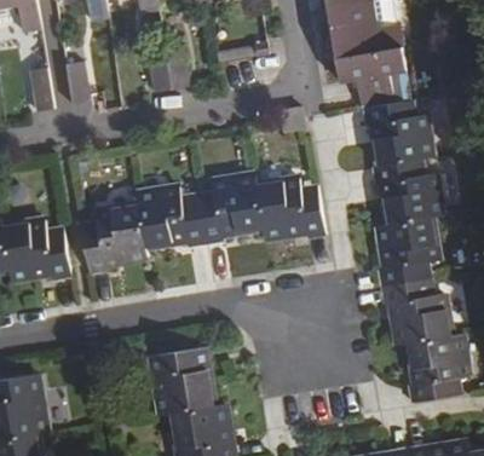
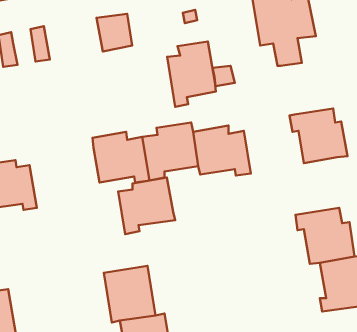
building: none -> [167,42,216,107]
building: [363,99,433,166] -> none
building: [82,206,150,273] -> [118,177,175,234]
building: [378,217,438,285] -> none

